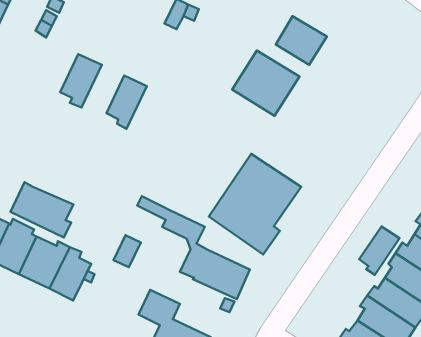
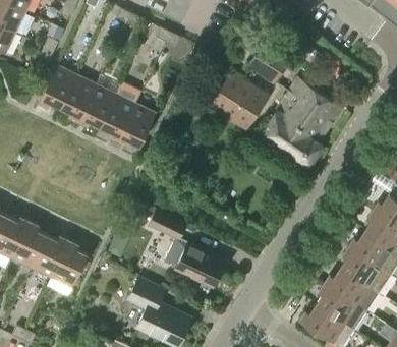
building: none -> [39,66,76,109]
building: none -> [79,85,116,127]
building: none -> [118,104,157,147]
building: [209,154,301,254] -> [261,80,340,167]
building: [10,182,74,237] -> none
building: [359,226,399,275] -> none

